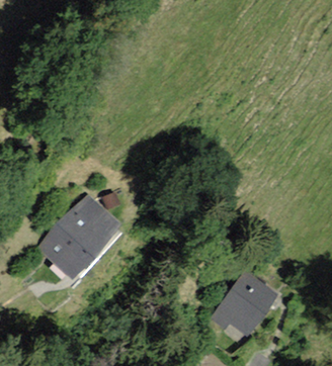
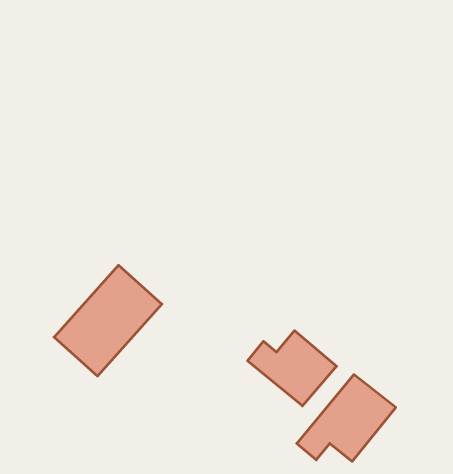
building: none -> [248,331,337,406]

